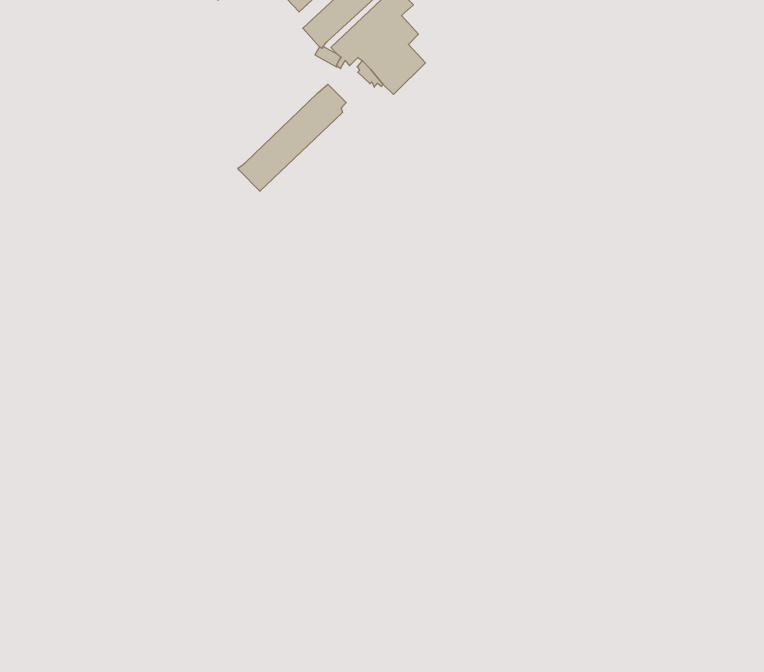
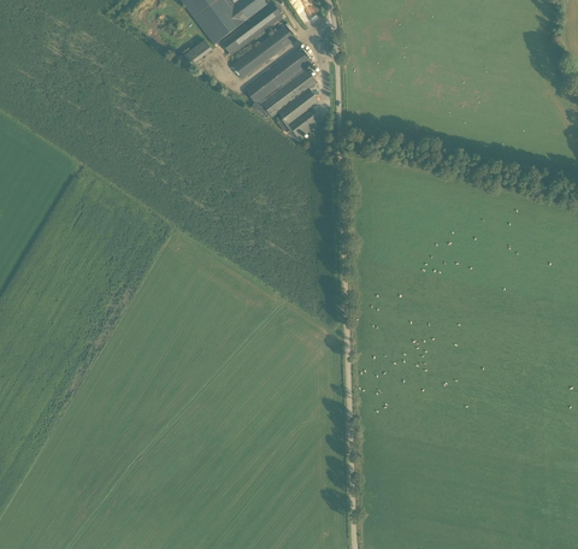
building: [238,84,346,191] -> none

